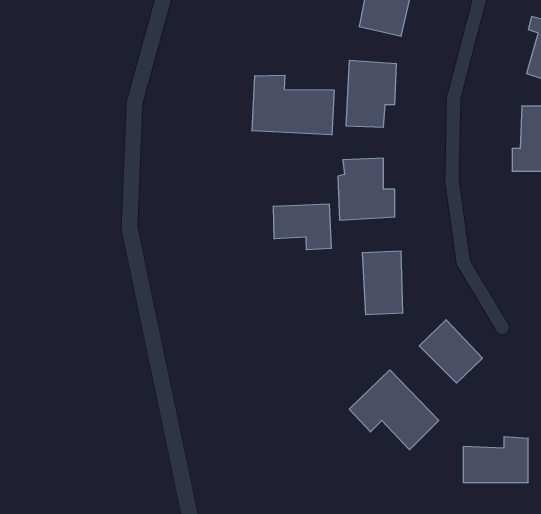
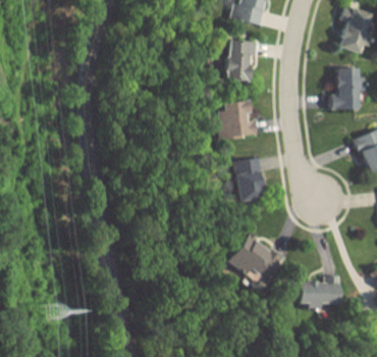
building: [252,75,334,135] -> none
building: [273,204,331,250] -> none
building: [419,320,482,383] -> none

